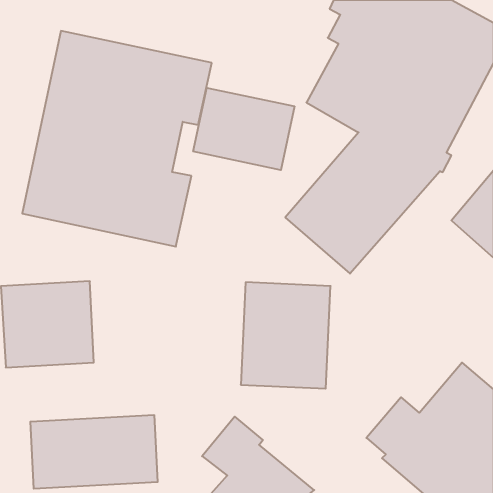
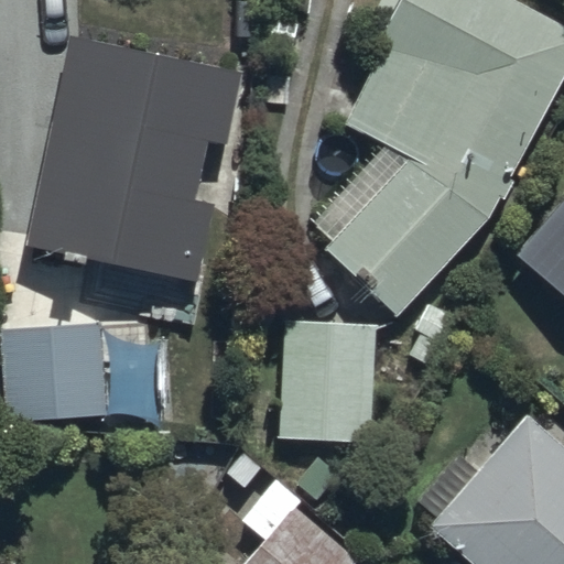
building: [193,88,294,170] -> none
building: [30,415,158,489] -> none

